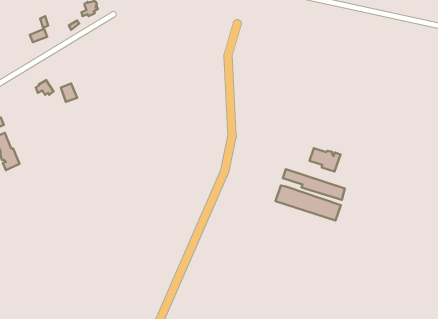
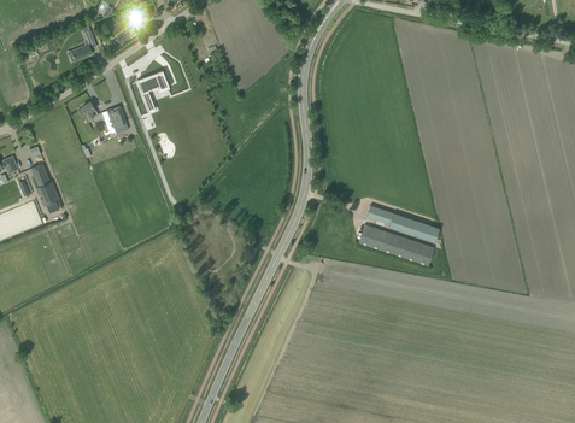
building: none -> [135,71,169,112]
building: [310,148,340,171] -> none

